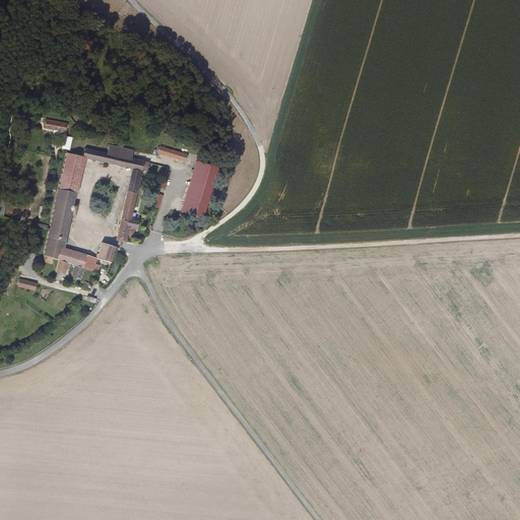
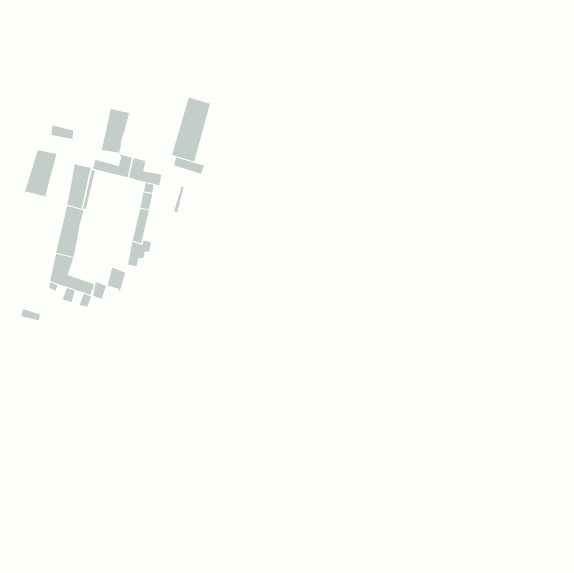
building: none -> [101,108,130,154]
building: none -> [24,150,57,198]
building: [179,159,214,218] -> [171,97,211,162]

